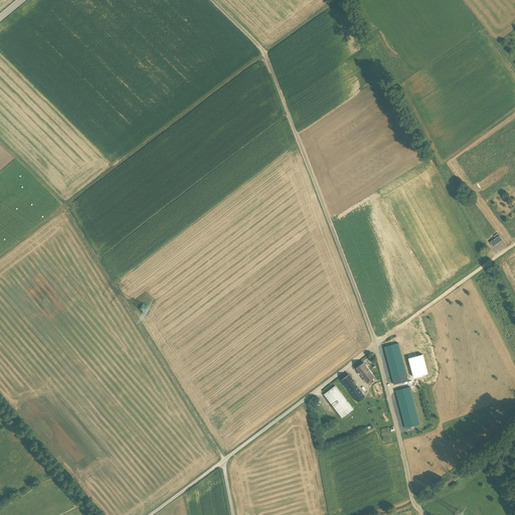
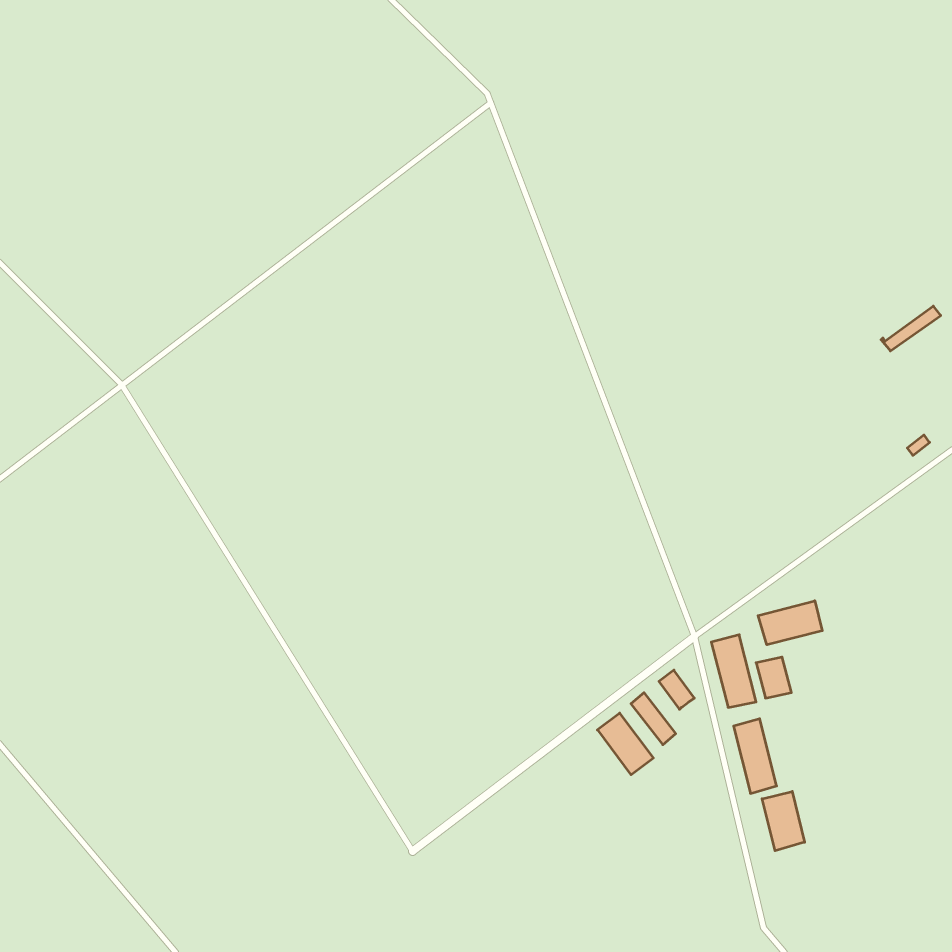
building: none -> [758,601,822,645]
building: none -> [762,791,805,851]

